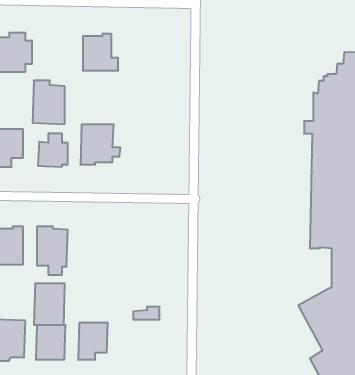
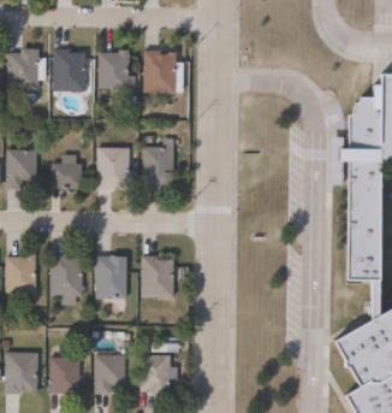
building: none -> [143,51,184,94]
building: [33,81,65,124] -> [53,47,87,93]
building: none -> [143,138,176,188]
building: none -> [141,254,174,296]
building: [34,283,65,325] -> [95,254,127,297]
building: none -> [139,354,178,395]

